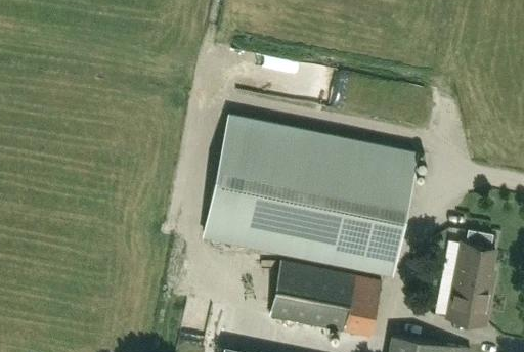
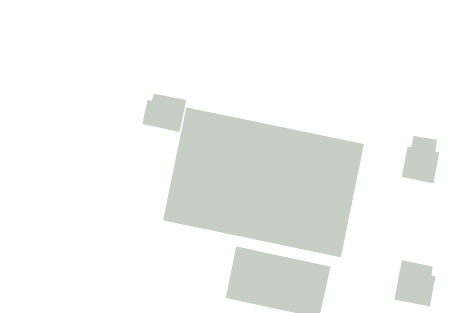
building: none -> [142,93,187,133]
building: [454,231,495,282] -> [401,135,440,184]

